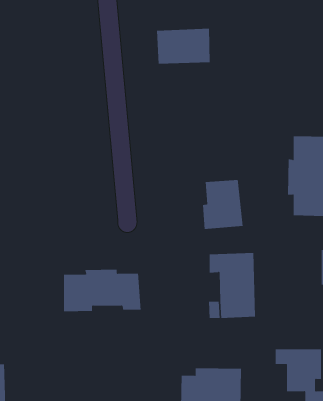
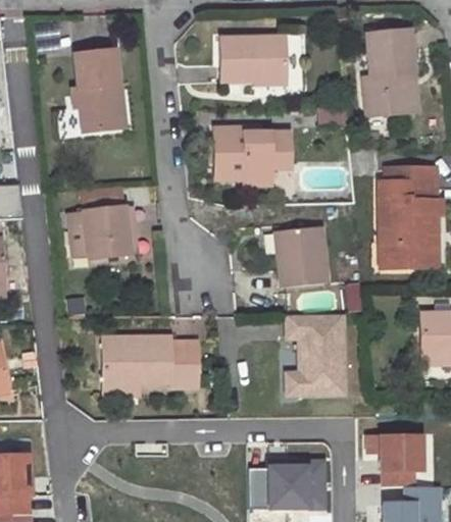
building: none -> [359,29,414,110]
building: none -> [72,49,120,130]
building: none -> [211,129,287,180]
building: none -> [81,207,142,258]

